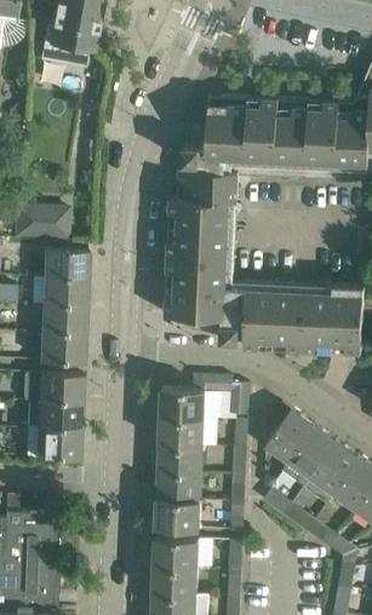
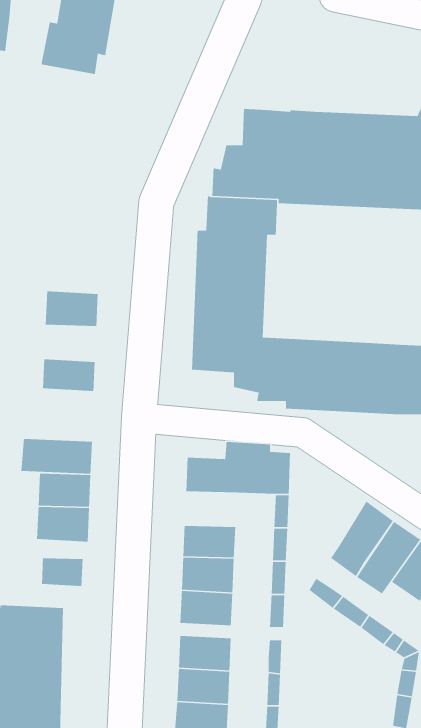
building: [16,207,70,241] -> none
building: [41,277,86,308] -> none
building: [39,331,84,362] -> none
building: [265,402,311,461] -> none
building: [159,416,204,446] -> none
building: none -> [41,557,83,587]

